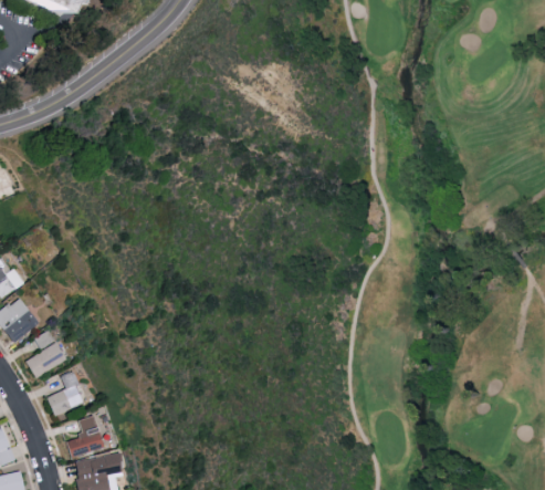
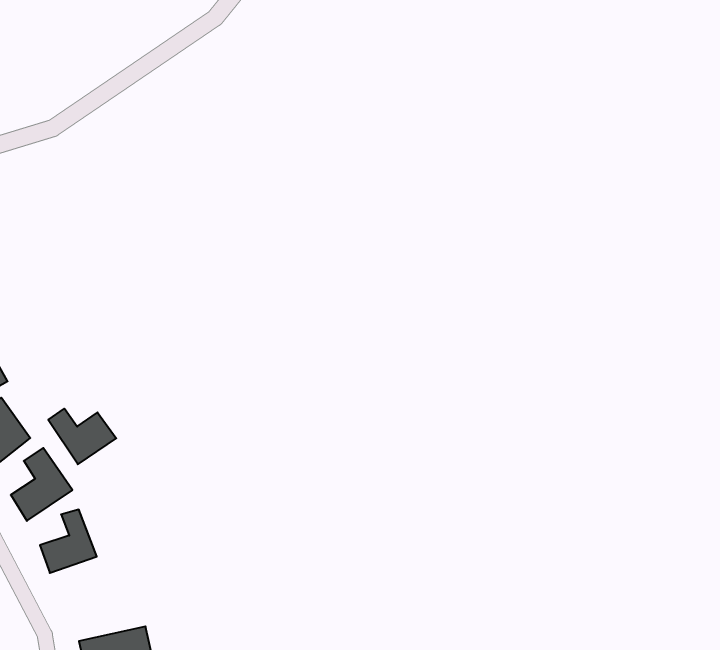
building: none -> [48,409,116,464]
building: [65,415,103,457] -> none

